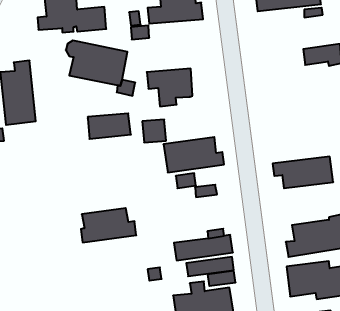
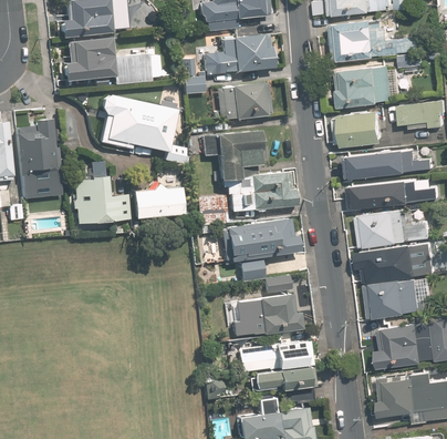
building: none -> [339,68,391,108]
building: none -> [221,83,267,119]
building: none -> [341,110,384,144]
building: none -> [350,150,433,176]
building: none -> [75,160,131,223]
building: none -> [226,172,293,211]
building: none -> [352,176,439,204]
building: none -> [361,207,430,246]
building: none -> [370,276,424,315]
building: [81,208,136,242] -> [231,294,301,337]

